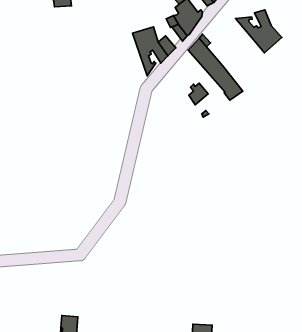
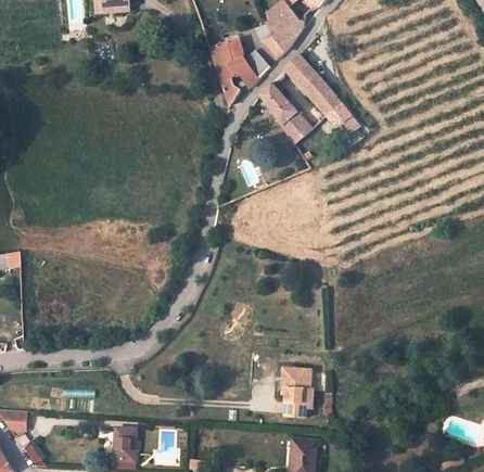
building: [236,10,282,53] -> none
building: none -> [259,84,300,131]
building: none -> [276,369,310,418]

